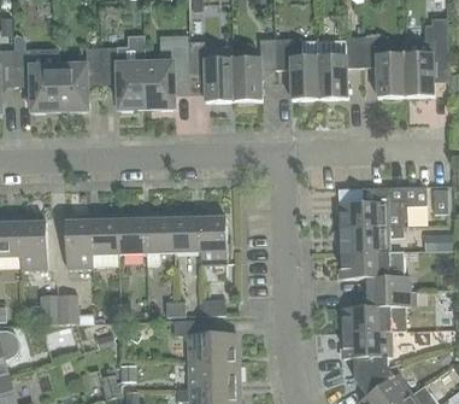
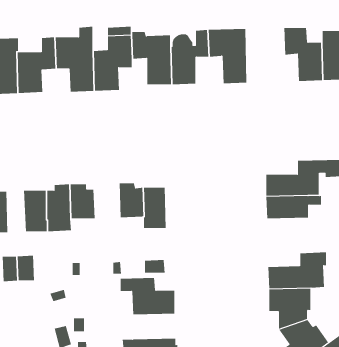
building: [317,36,360,99] -> none
building: [145,212,173,265] -> none
building: [340,252,408,292] -> none
building: [188,361,240,390] -> none

